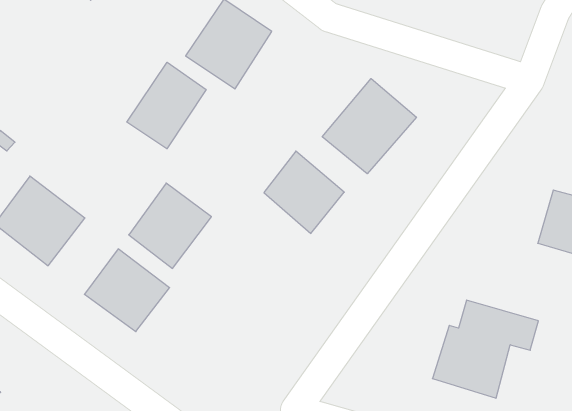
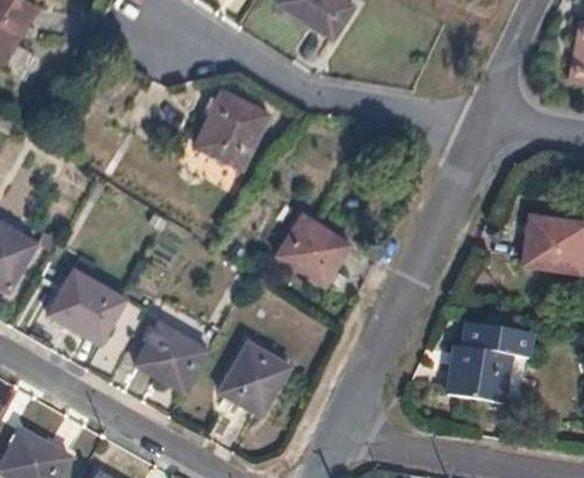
building: [127,62,206,149] -> none
building: [322,79,416,174] -> none
building: [129,183,211,268] -> [219,341,289,414]

